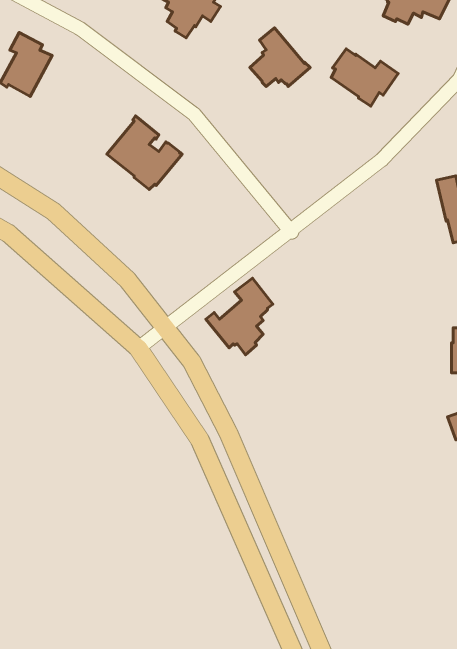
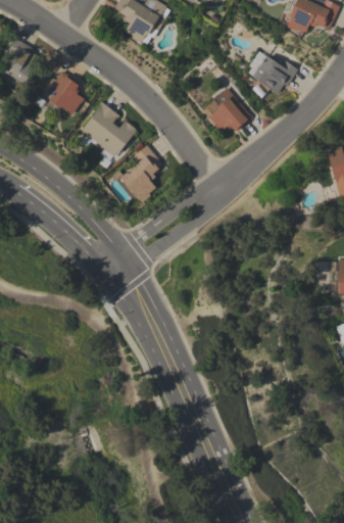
building: [250,28,310,87] -> [208,88,253,132]
building: none -> [48,70,84,114]
building: [206,278,273,355] -> [112,145,162,202]

